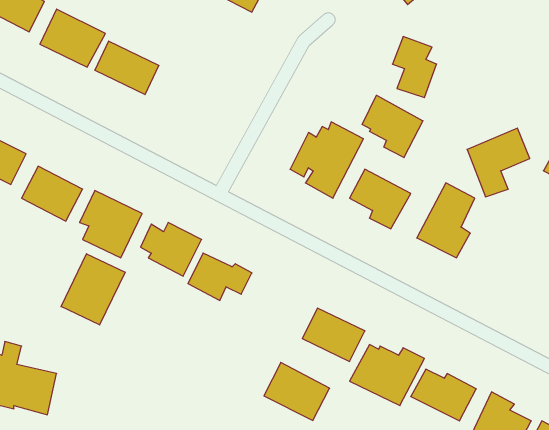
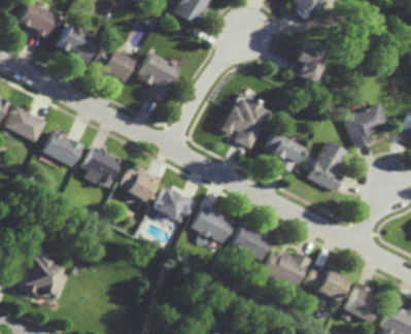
building: none -> [138,51,184,102]
building: [362,95,423,158] -> none
building: [61,254,125,325] -> none
building: [264,362,330,420] -> [195,204,239,243]

